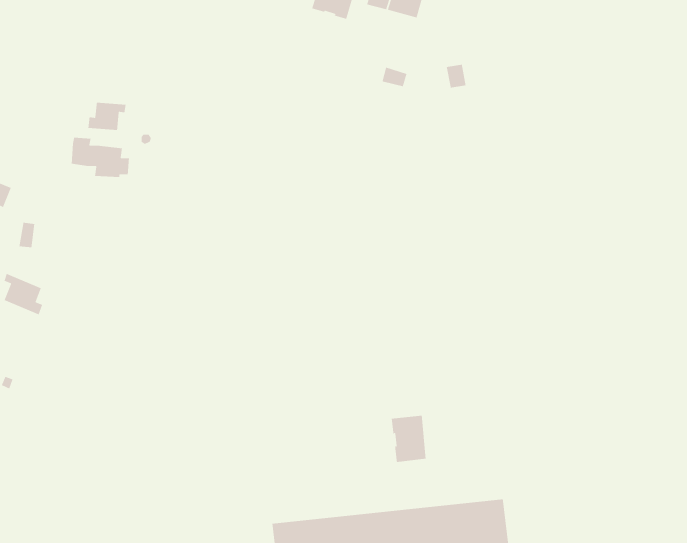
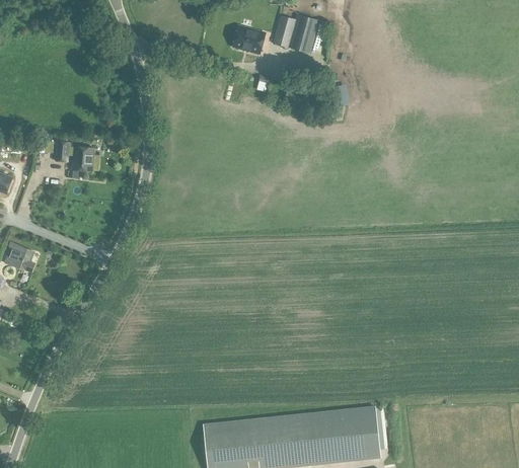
building: [88,102,126,131] -> none
building: [391,415,427,463] -> none

